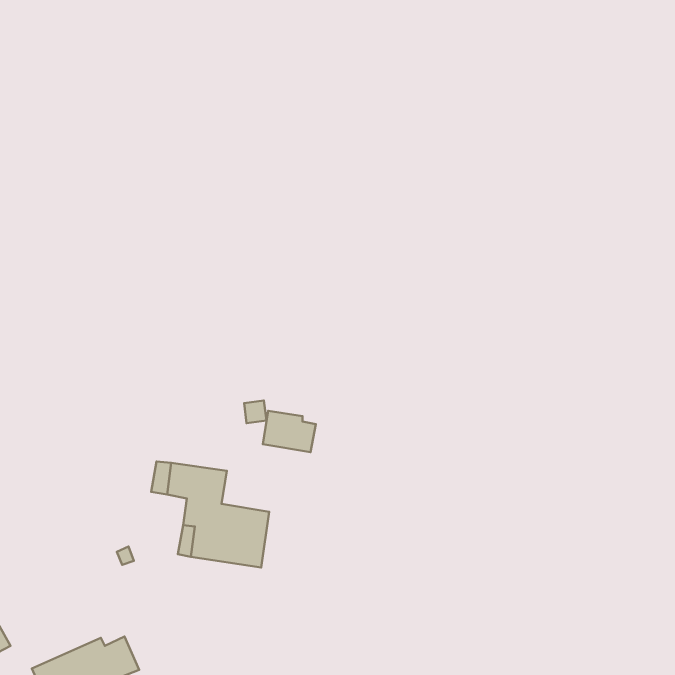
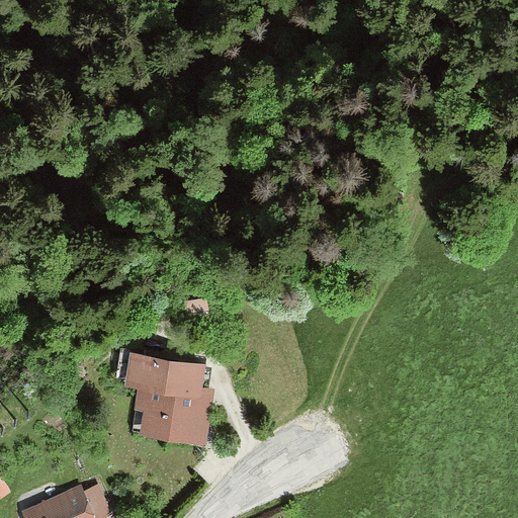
building: [263,411,316,452] -> [169,361,209,393]

